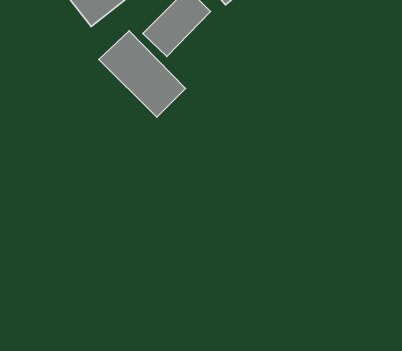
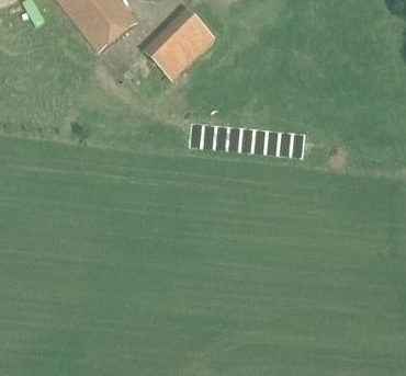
building: [99,31,185,117] -> none

